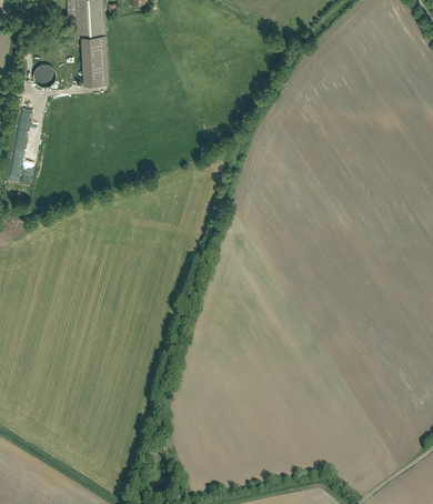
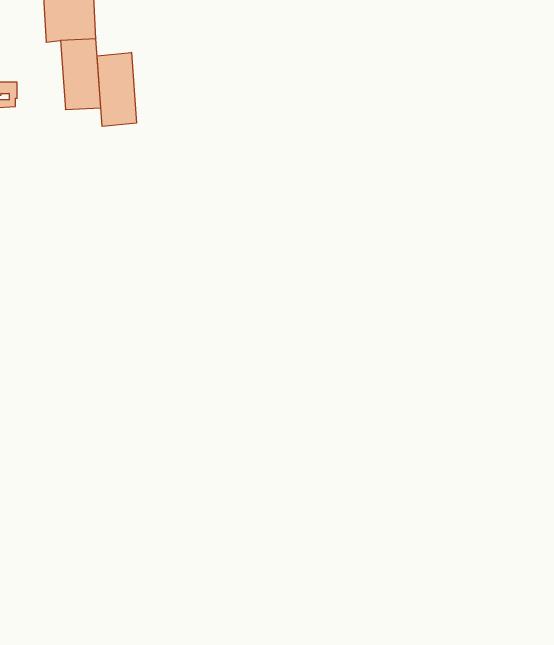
building: none -> [97,52,136,126]

